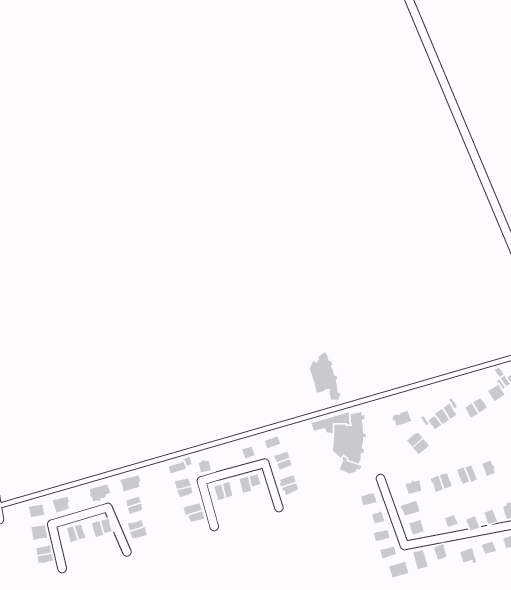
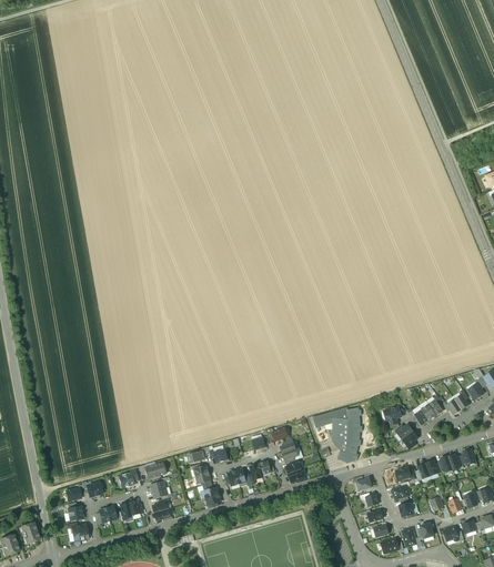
building: [309,351,342,401] -> none

